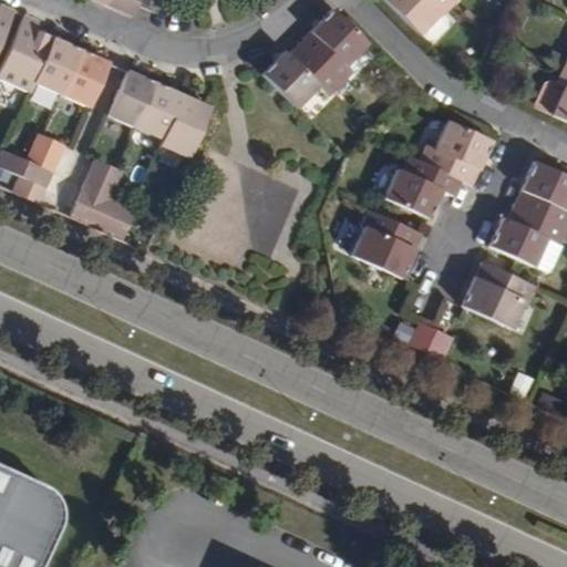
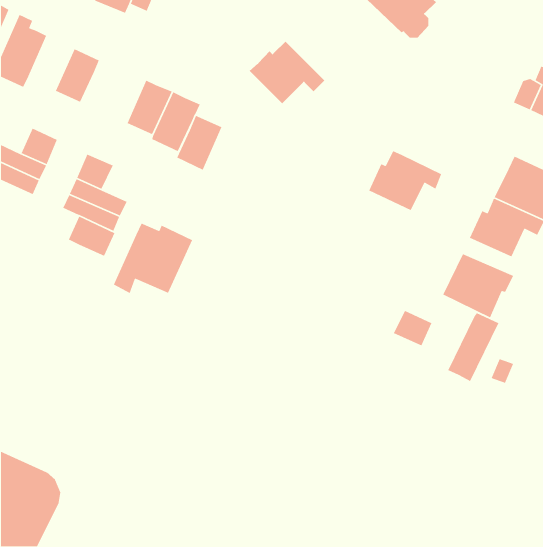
building: [300,8,369,83] -> none
building: [34,37,82,94] -> none
building: [109,70,156,127] -> [176,115,222,171]
building: [421,120,492,184] -> none
building: [353,208,423,278] -> none
building: none -> [68,216,116,257]
building: none -> [113,222,193,294]
building: none -> [447,312,500,382]

